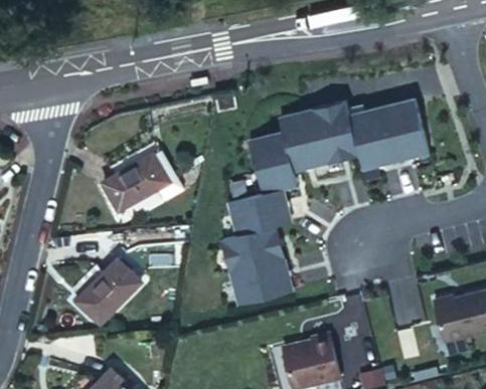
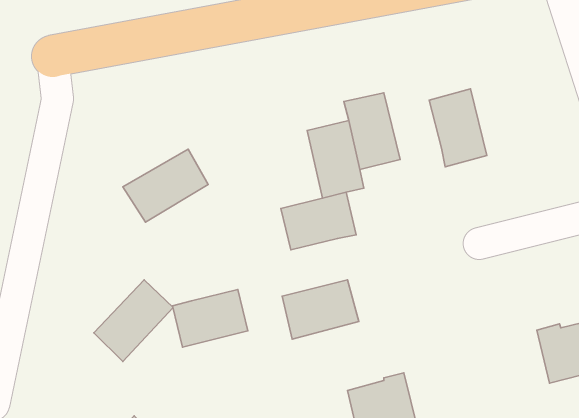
building: [380,99,427,160] -> none
building: [311,101,357,163] -> none
building: [221,226,282,272] -> [173,289,248,347]

